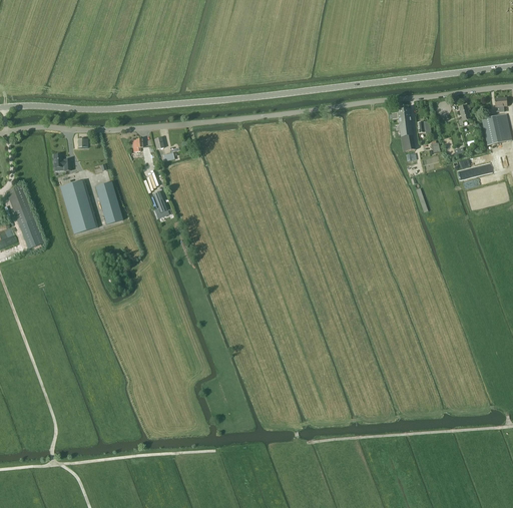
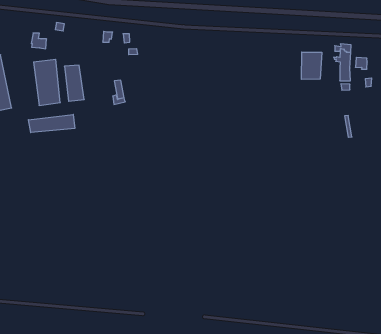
building: none -> [301,52,322,79]
building: none -> [28,114,75,133]

